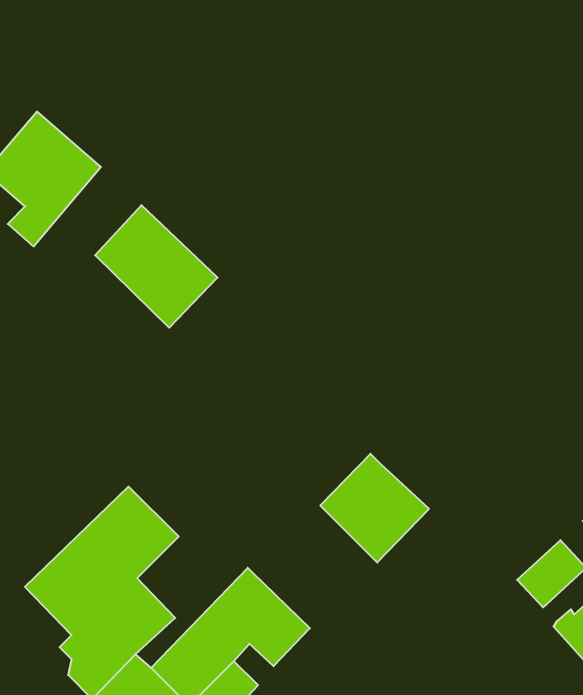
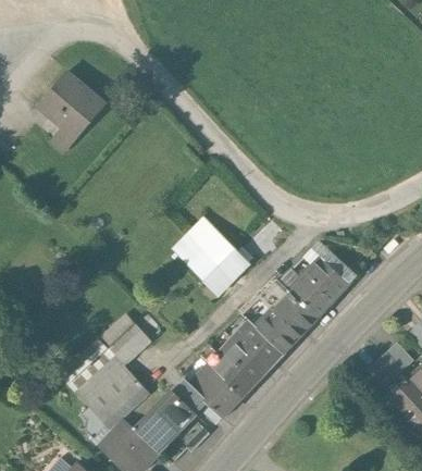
building: [95,205,218,328] -> [173,220,250,297]
building: none -> [284,258,350,323]
building: none -> [203,321,282,398]

